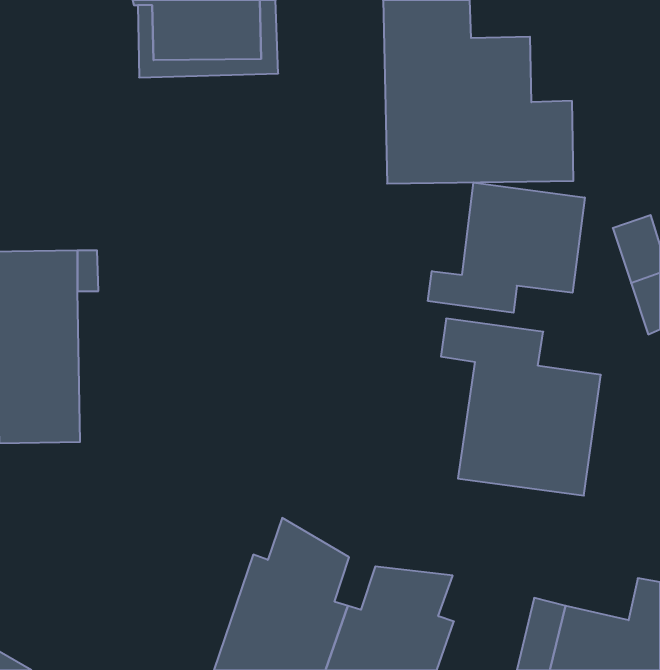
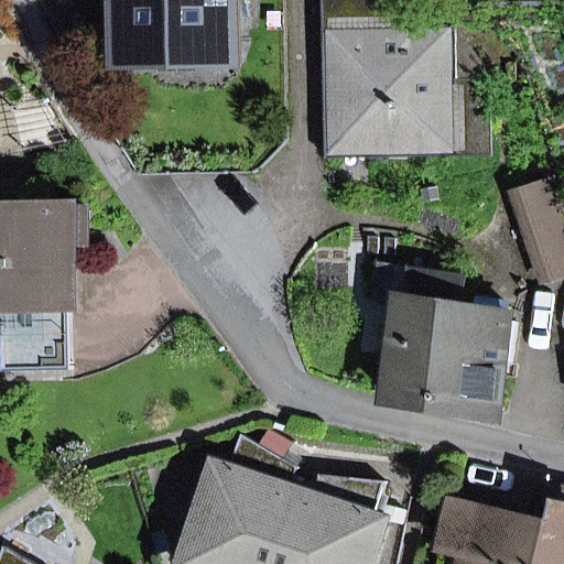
building: [428,182,585,313] -> none

